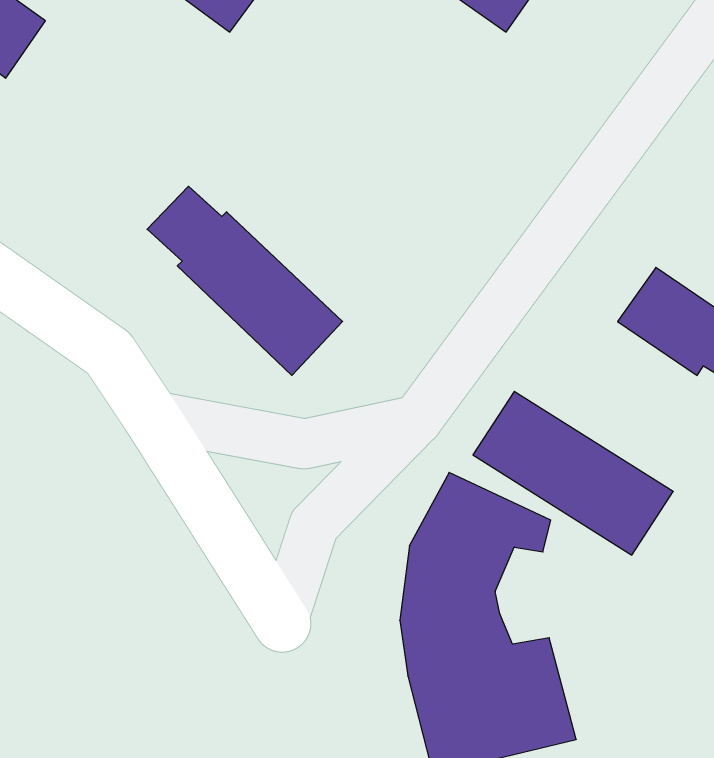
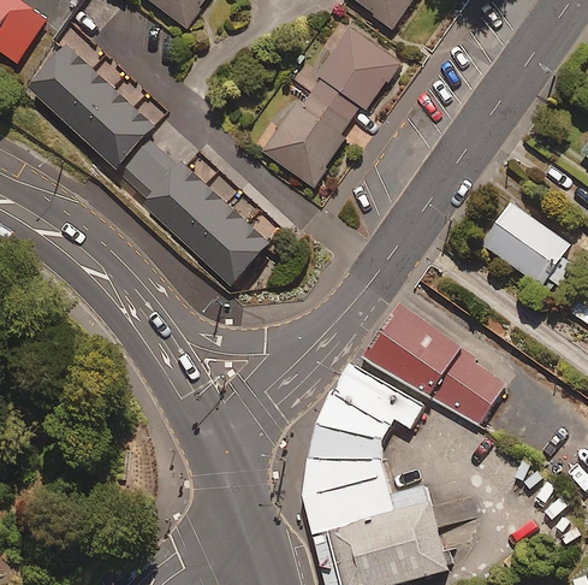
building: none -> [261,28,398,185]
building: none -> [29,47,154,170]

